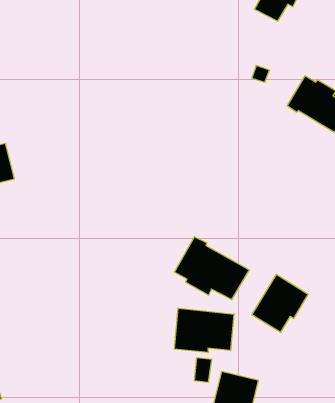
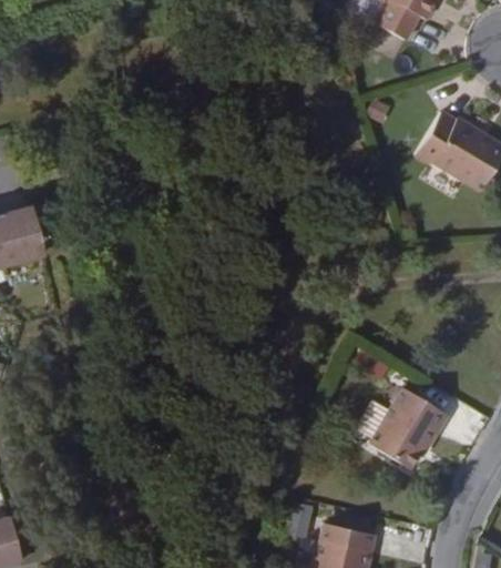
building: [174,237,249,300] -> none
building: [174,308,234,353] -> none

